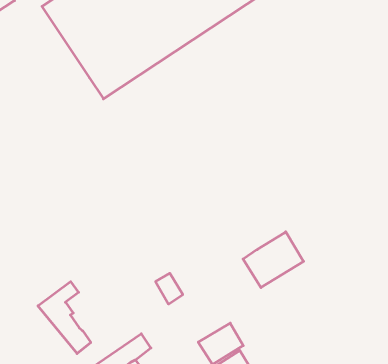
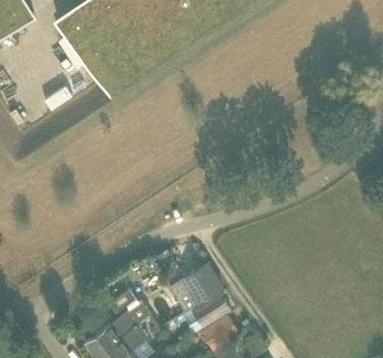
building: [243,232,304,288] -> [169,262,220,310]
building: [38,282,91,354] -> none

